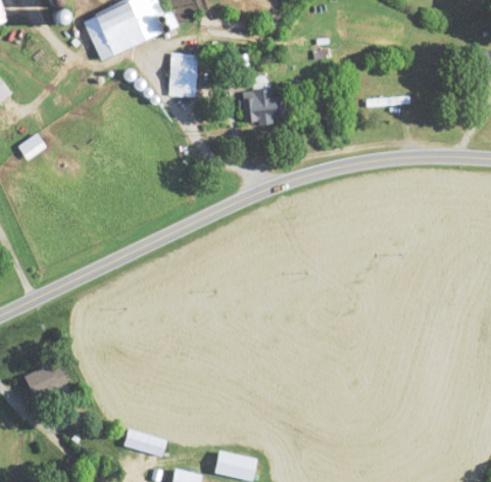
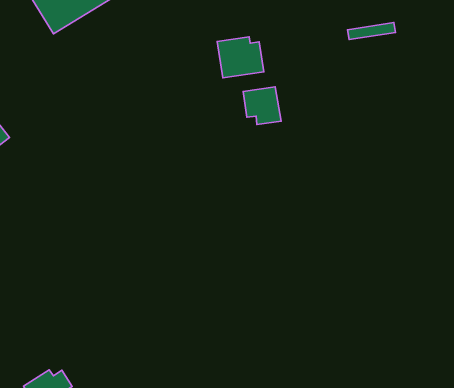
building: [168,53,196,97] -> none
building: none -> [243,87,281,125]

